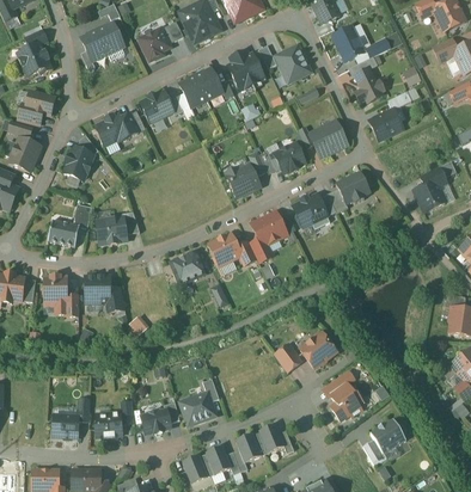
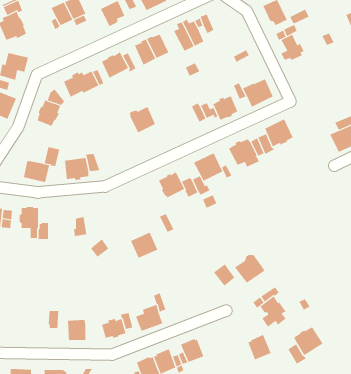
building: [276,44,310,79] -> none
building: [369,107,403,140] -> none
building: [227,164,259,196] -> [129,106,156,133]
building: [171,251,204,283] -> [130,232,158,259]
building: [86,275,110,302] -> none
building: [53,414,79,438] -> none
building: [256,423,285,454] -> [248,334,272,360]

